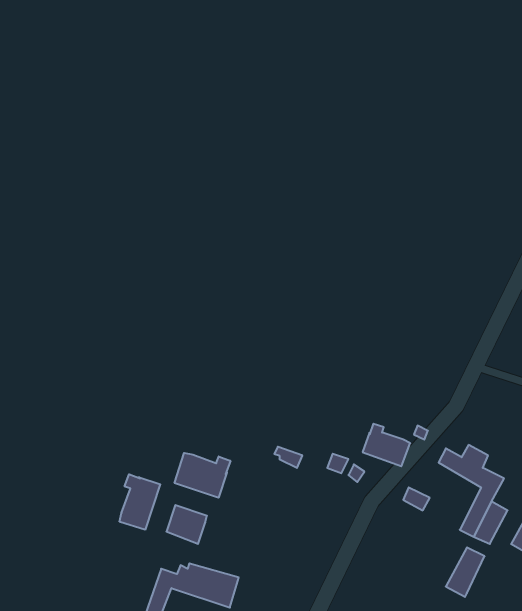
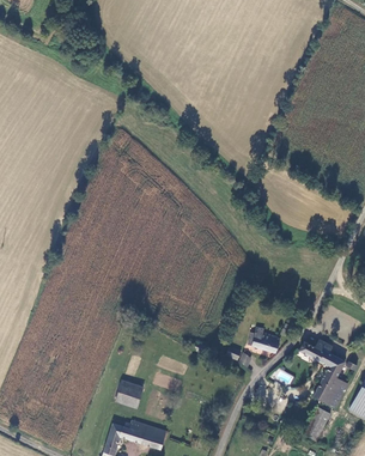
building: [175,453,230,498] -> none
building: [120,474,160,530] -> none

